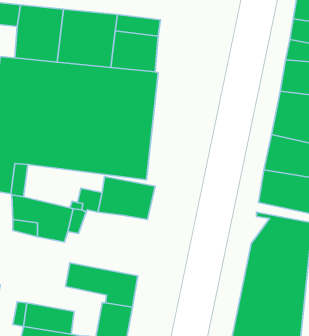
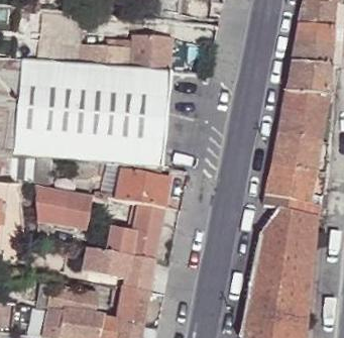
building: none -> [107,205,163,261]

